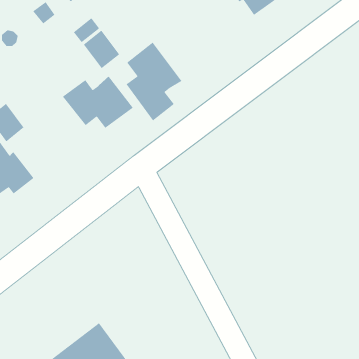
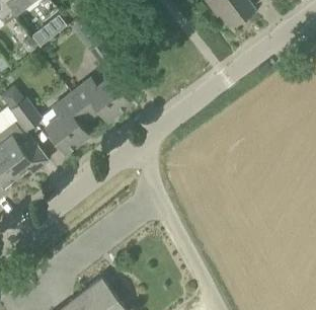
building: [125,41,182,122] -> none
building: none -> [46,93,91,152]

